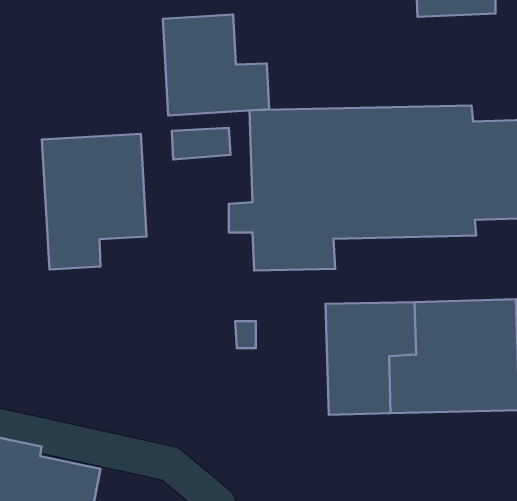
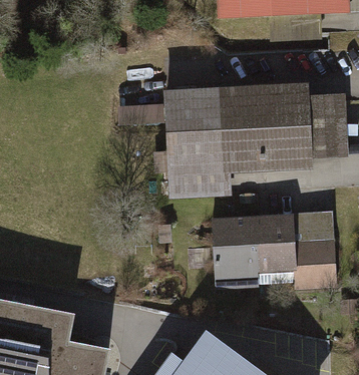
building: [163,15,269,115] -> none
building: [42,134,146,269] -> none

